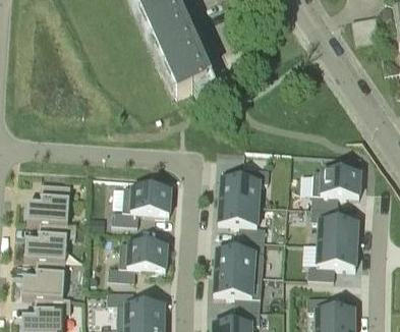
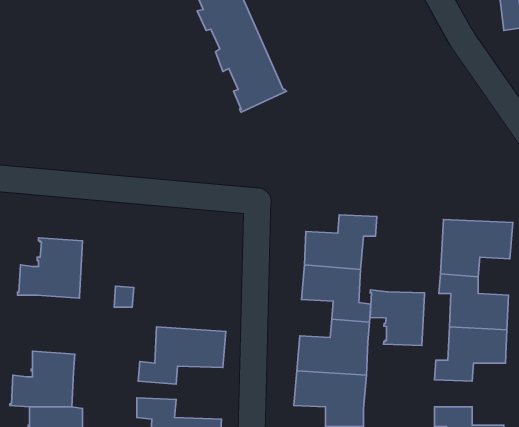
building: [113,186,172,225] -> none
building: none -> [370,290,425,346]
building: [25,221,76,261] -> none

